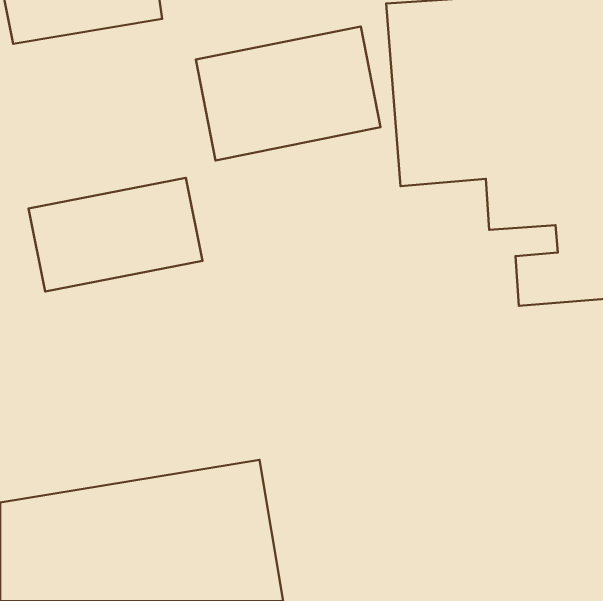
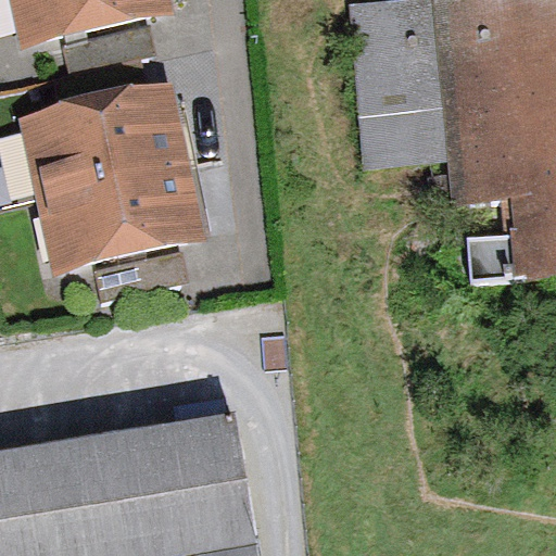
building: [196,26,381,161] -> none
building: none -> [13,88,173,191]

